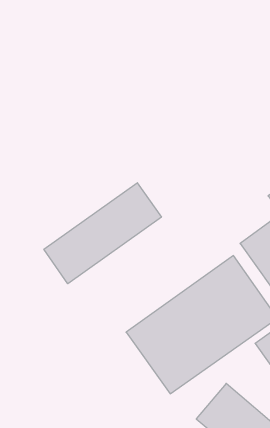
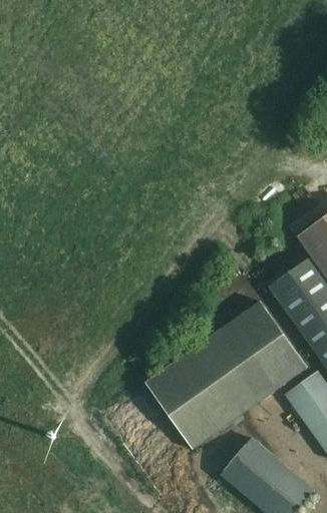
building: [44,183,161,284] -> none

